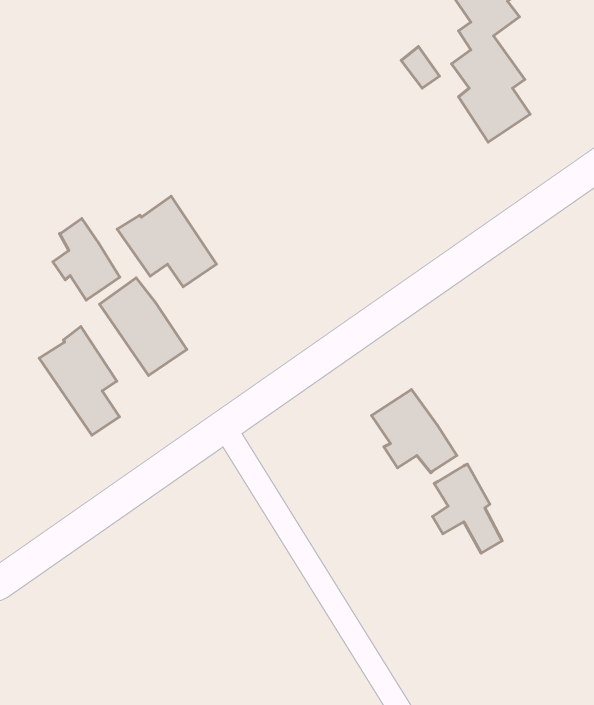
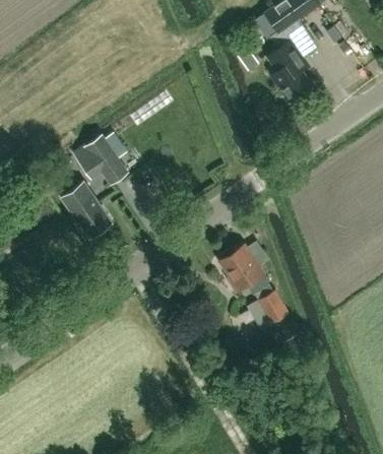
building: [53,219,120,300] -> none
building: [39,327,120,435] -> none

